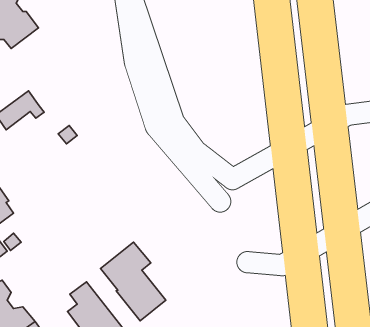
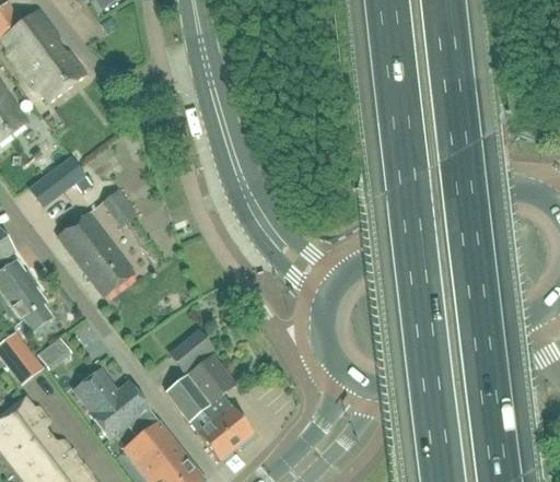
building: none -> [57,212,135,297]
building: none -> [170,327,215,374]
building: none -> [74,369,149,439]

